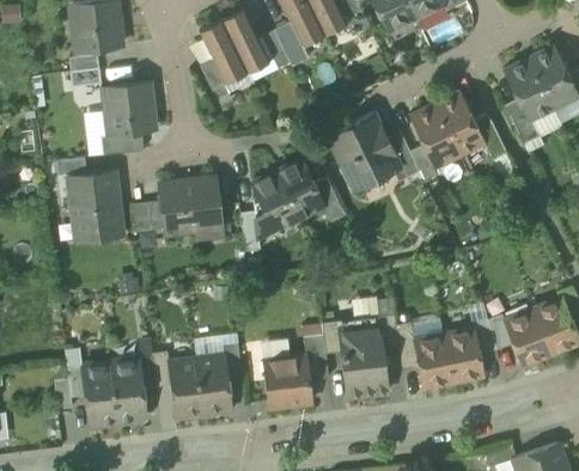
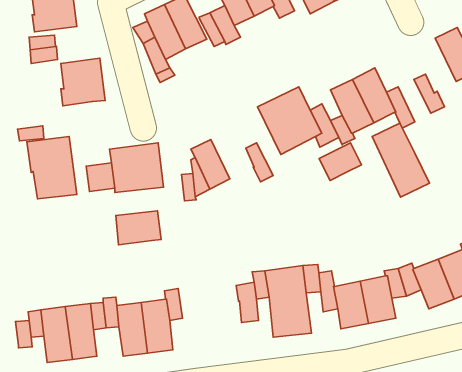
building: [504,59,553,121] -> none
building: [100,130,144,155] -> none
building: none -> [372,123,429,197]
building: [275,159,324,218] -> none
building: none -> [319,143,362,180]
building: none -> [116,211,161,245]
building: [263,356,313,406] -> none

